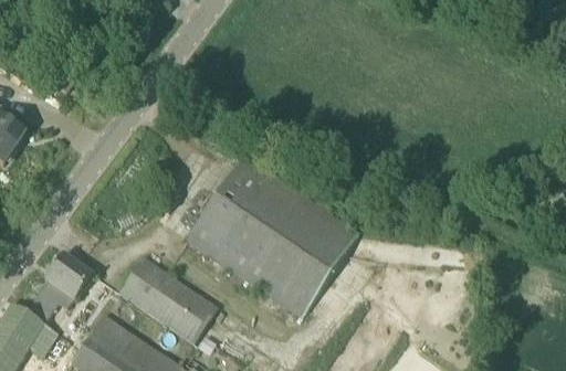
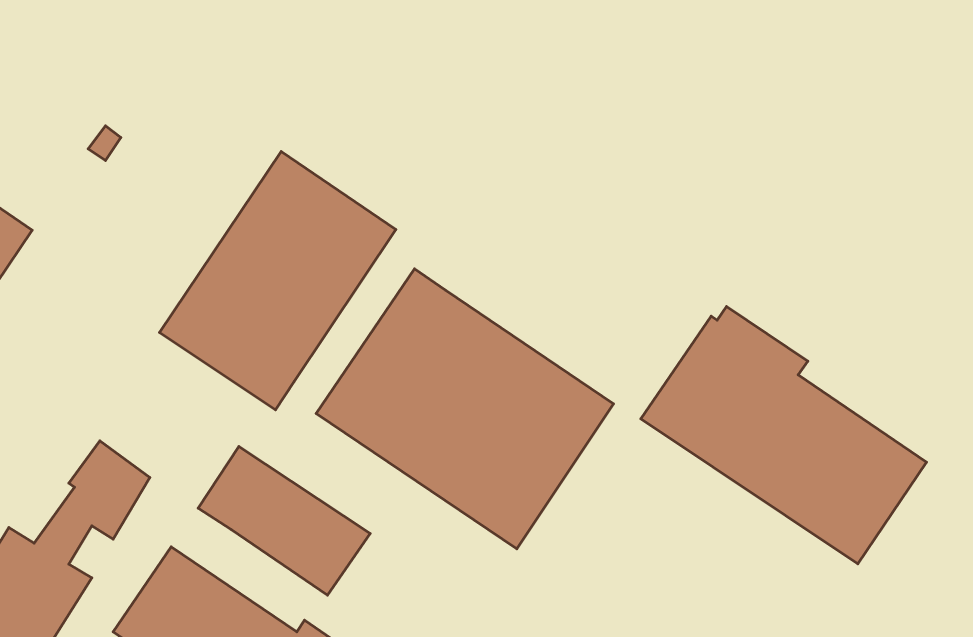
building: none -> [159,152,396,410]
building: none -> [641,307,926,564]

